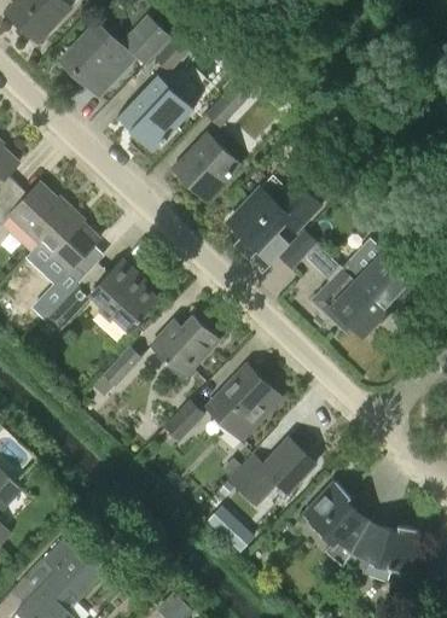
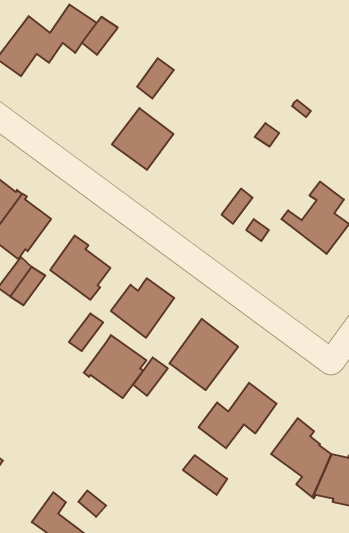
building: [118,76,193,151] -> none
building: [228,183,320,250] -> none
building: [313,269,387,336] -> none
building: none -> [84,335,146,398]

